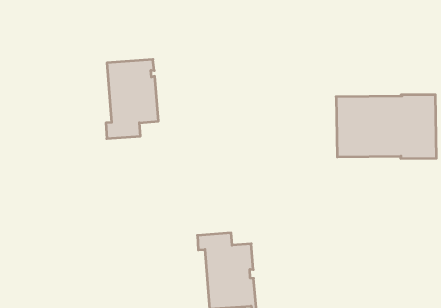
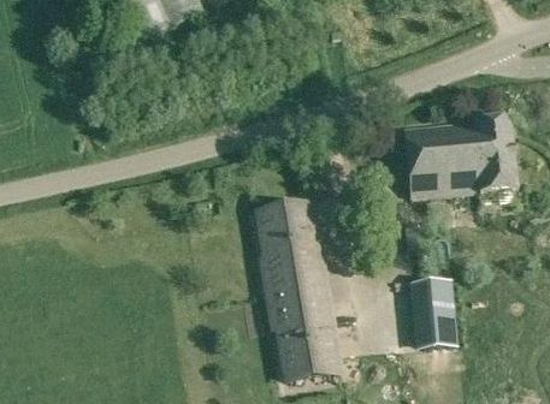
building: [106,59,158,139] -> [256,202,318,292]
building: none -> [414,278,453,345]

